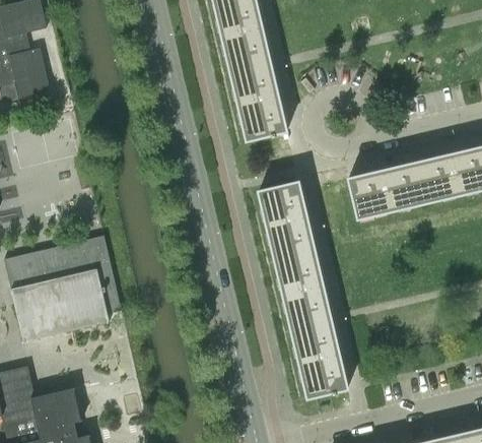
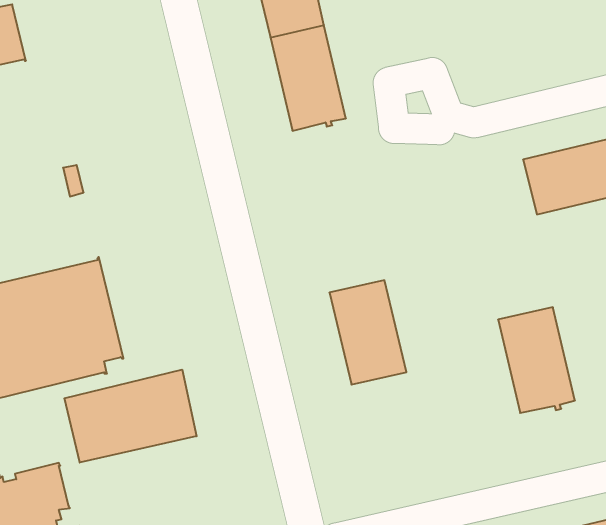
building: [347,162,426,218] -> none
building: [257,181,314,260] -> none
building: none -> [64,370,197,463]
building: [289,319,346,397] -> [498,307,575,413]

